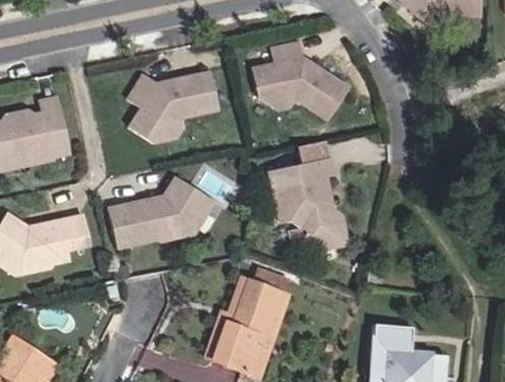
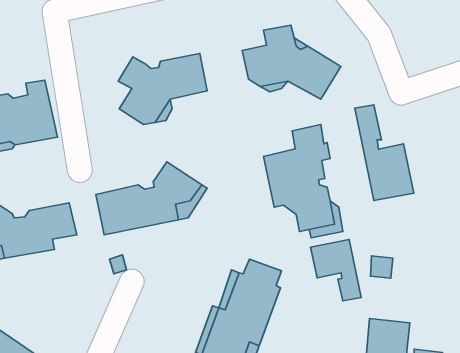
building: none -> [355,105,414,200]
building: none -> [311,240,361,301]

